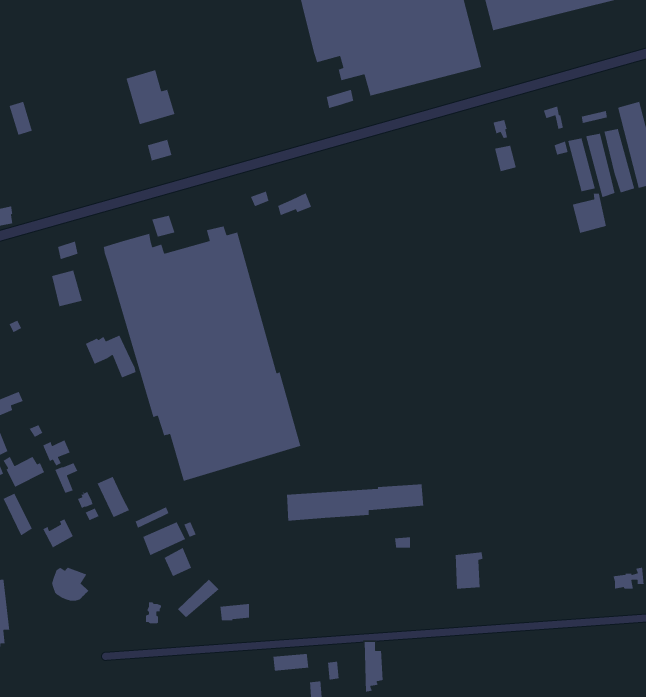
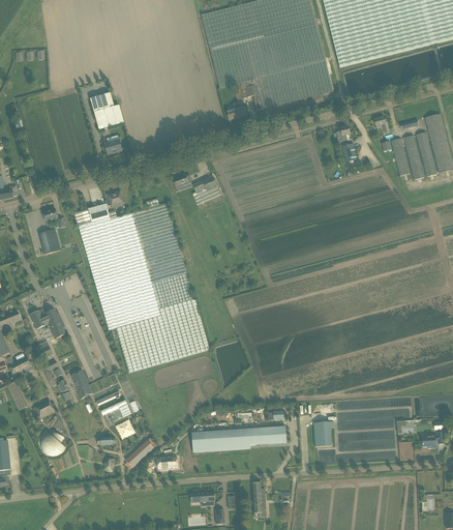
building: [572,193,607,234] -> none
building: [85,335,137,379] -> [29,307,64,337]
building: [286,484,424,521] -> [191,425,285,451]

